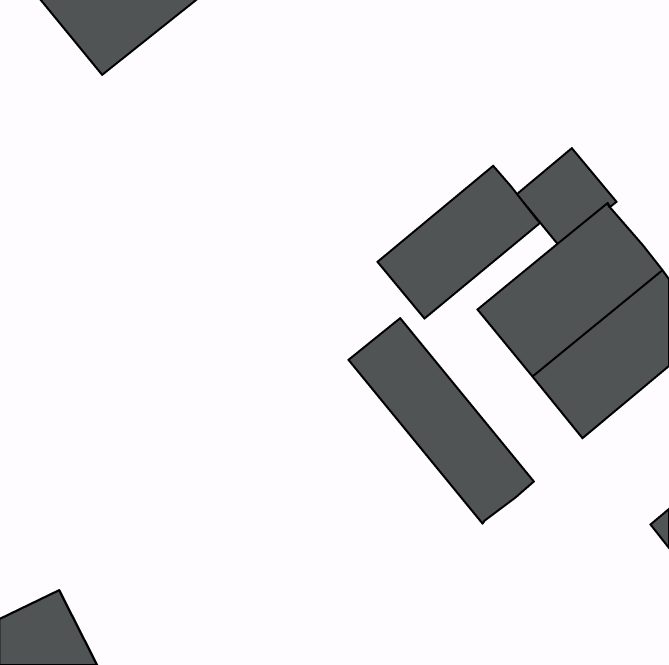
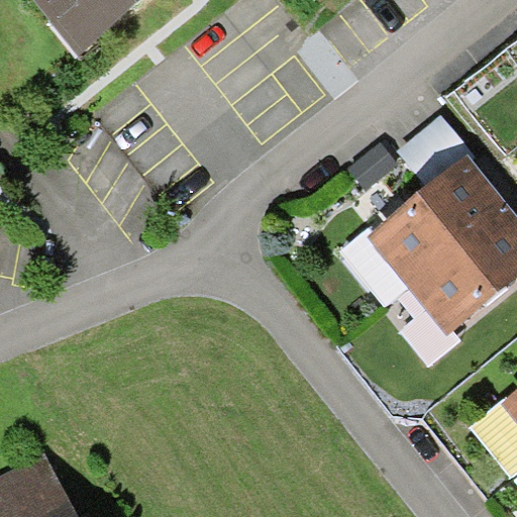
building: [377,166,540,319] -> none
building: [349,318,534,523] -> none

